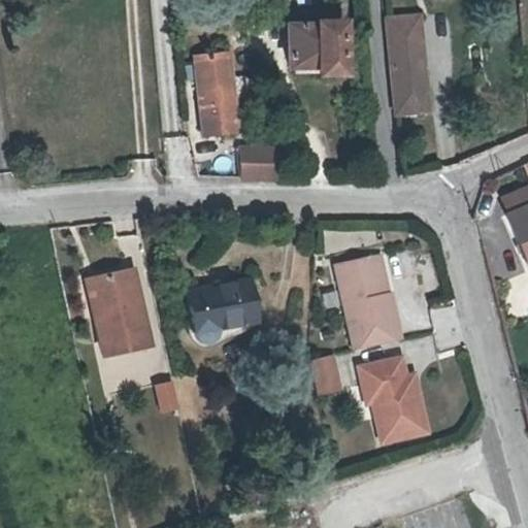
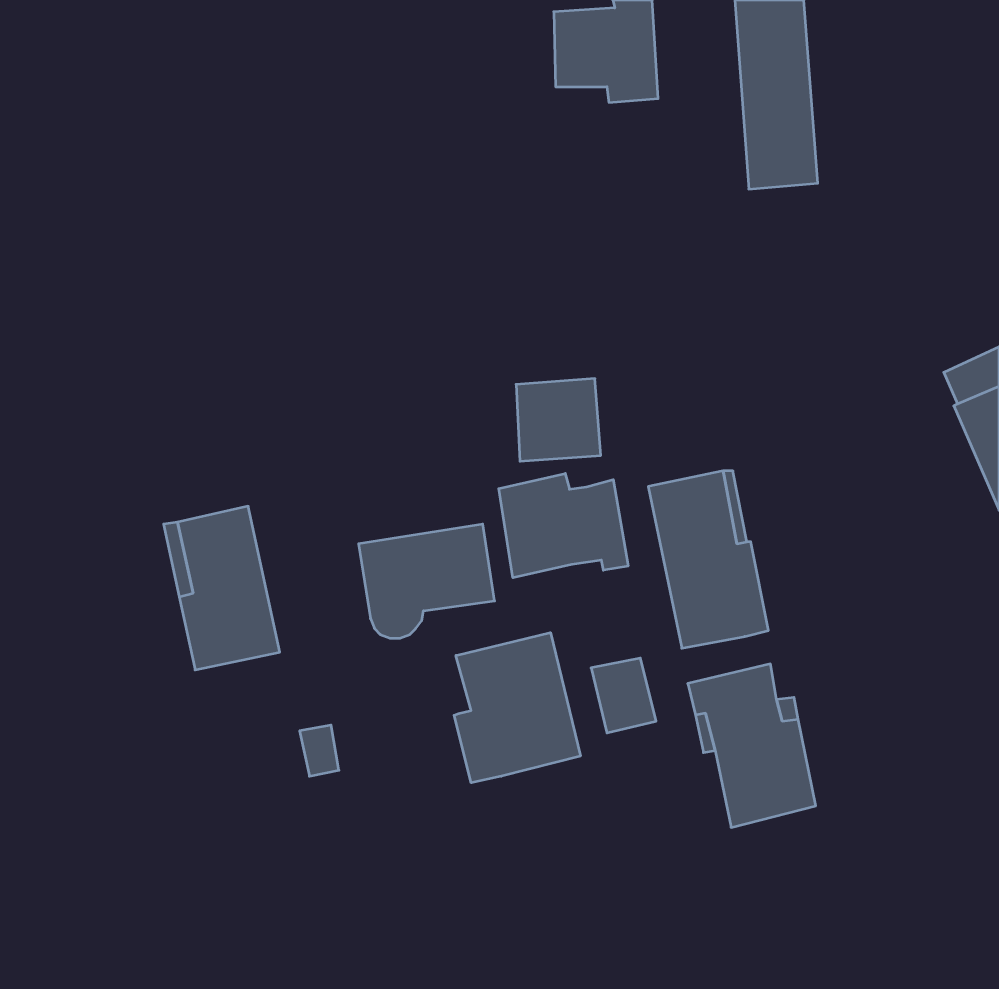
building: [196,47,236,128] -> none
building: [240,139,285,183] -> [516,379,601,461]
building: none -> [499,473,628,578]
building: none -> [454,633,580,783]

